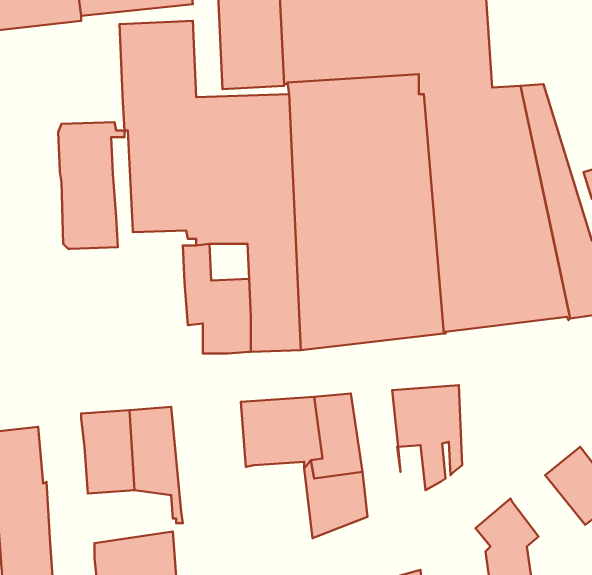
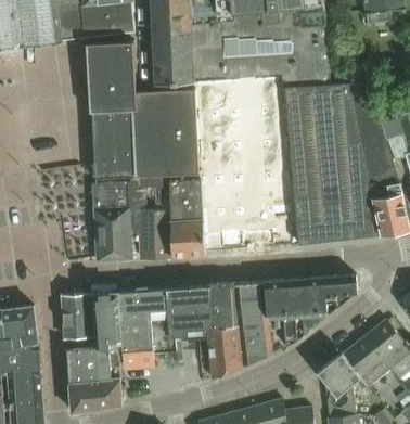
building: [58,122,125,249] -> [92,177,136,259]
building: none -> [307,274,357,330]
building: none -> [236,281,271,363]
building: none -> [119,288,175,368]
building: none -> [342,336,389,387]
building: none -> [66,346,120,381]

